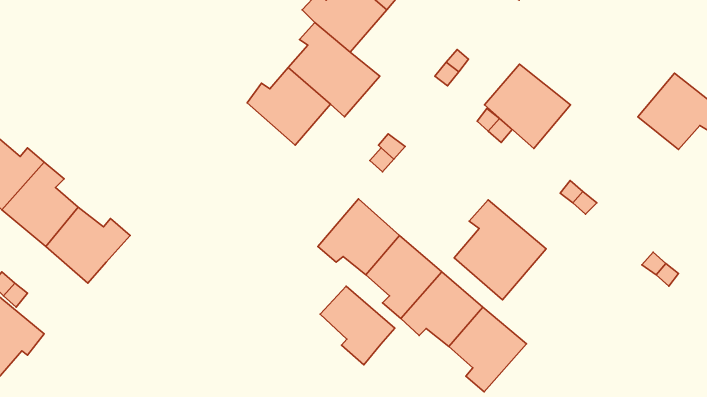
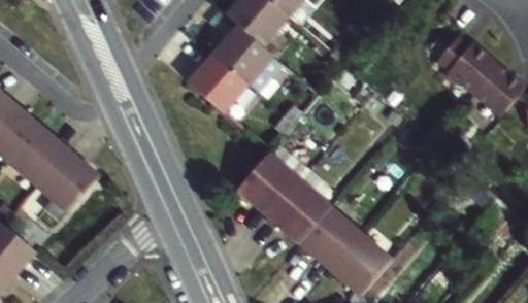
building: [484,64,570,149] -> [434,31,497,93]
building: [454,200,546,300] -> none
building: [320,286,395,365] -> none

